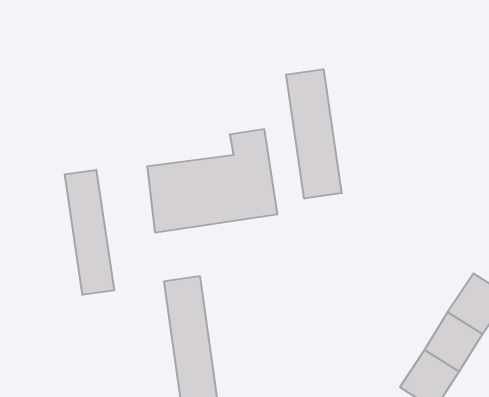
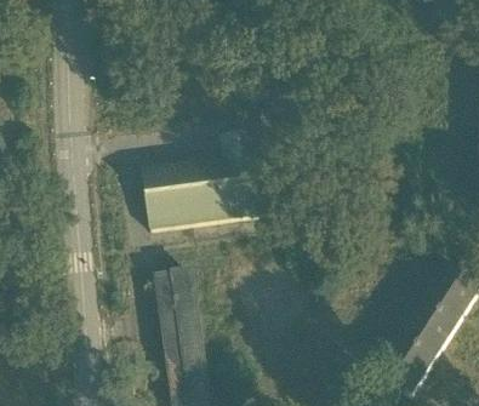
building: [286,69,342,199] -> none
building: [65,170,114,295] -> none

